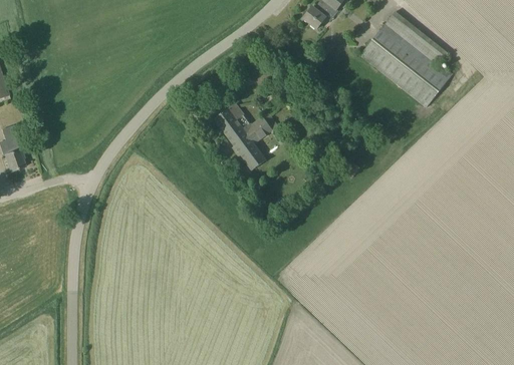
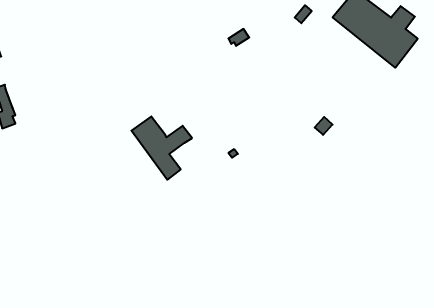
building: [213,103,277,170] -> [131,116,192,180]

